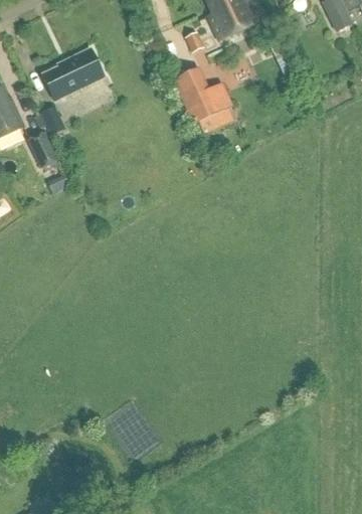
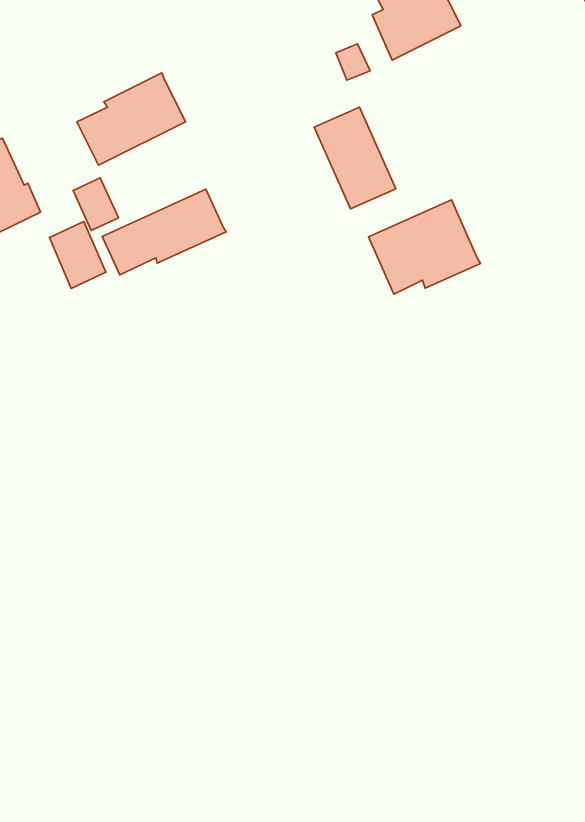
building: none -> [102,189,226,275]
building: none -> [368,200,481,294]

